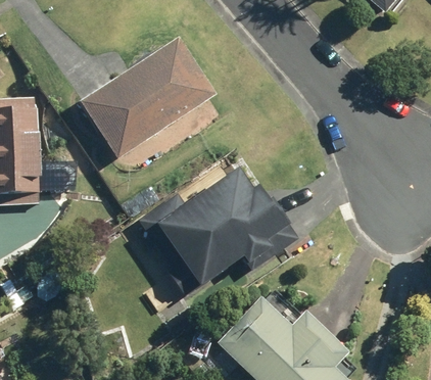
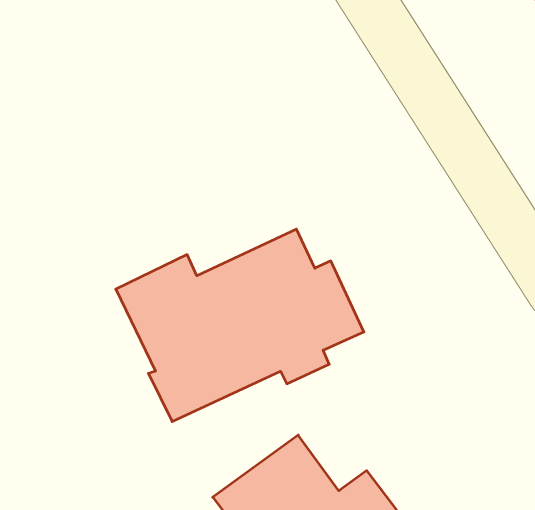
building: [83,36,219,157] -> none

